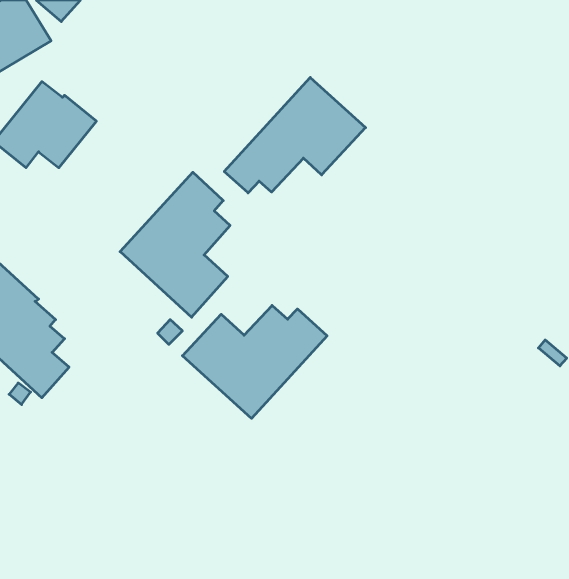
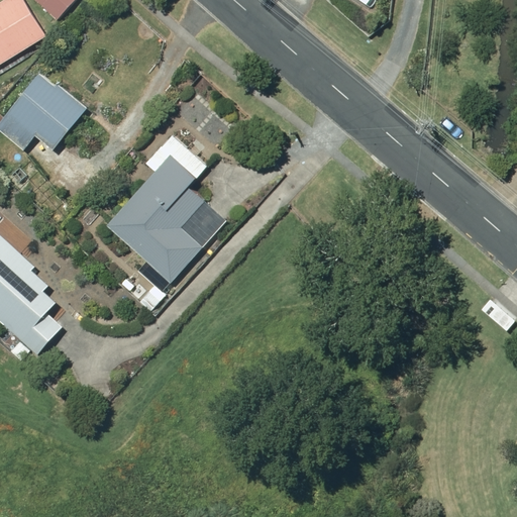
building: [224,77,366,193] -> none
building: [182,305,327,418] -> none

